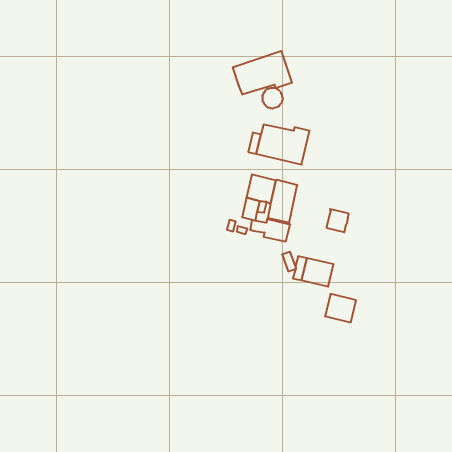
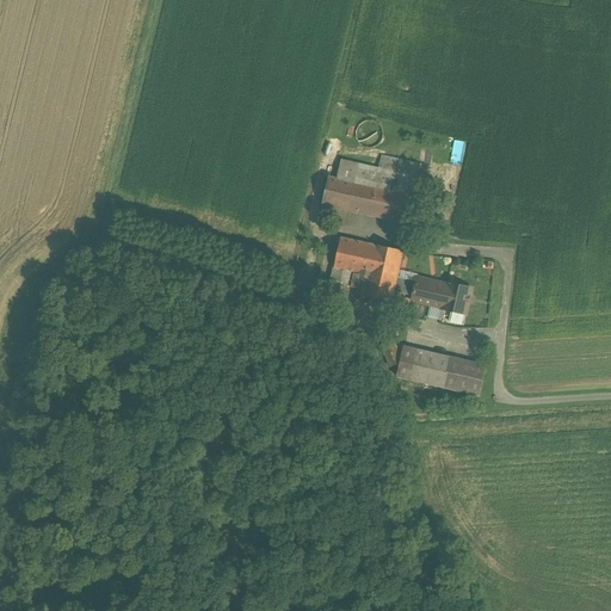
building: [233,51,292,95] -> none
building: [250,219,290,241] -> [390,274,444,304]
building: [325,294,356,322] -> [440,354,482,393]

